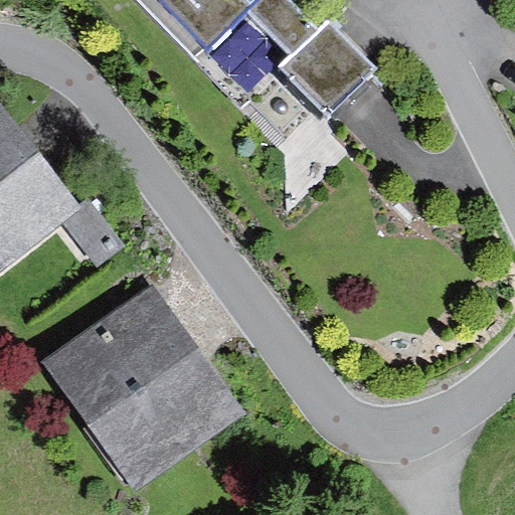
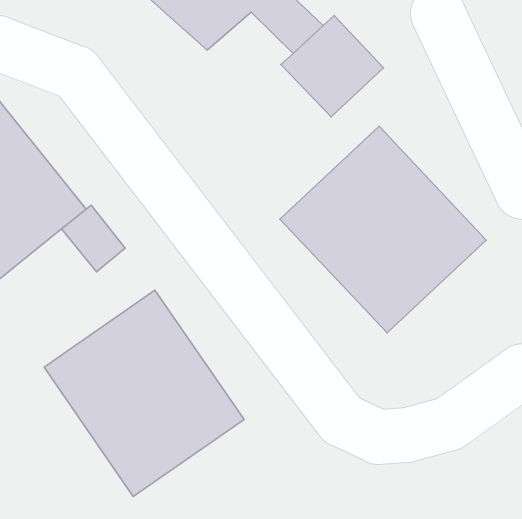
building: none -> [280,126,486,333]

